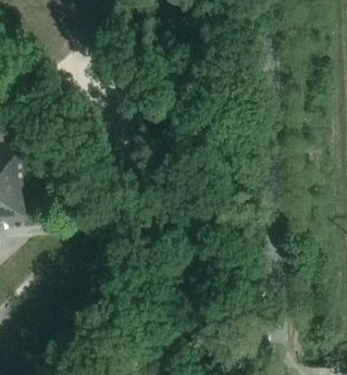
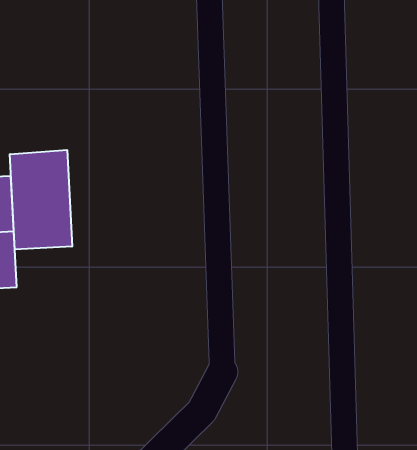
building: none -> [10,150,72,249]

